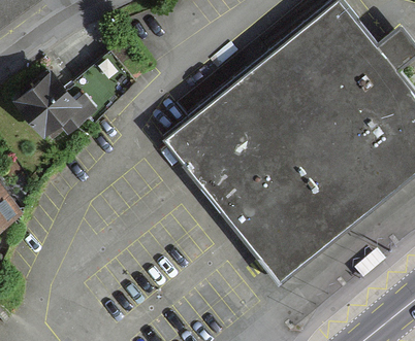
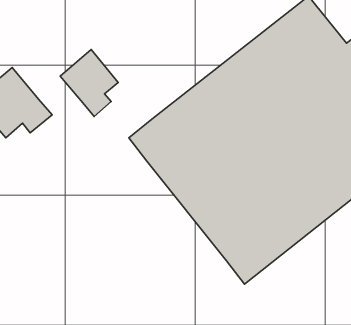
building: none -> [60,50,118,116]

